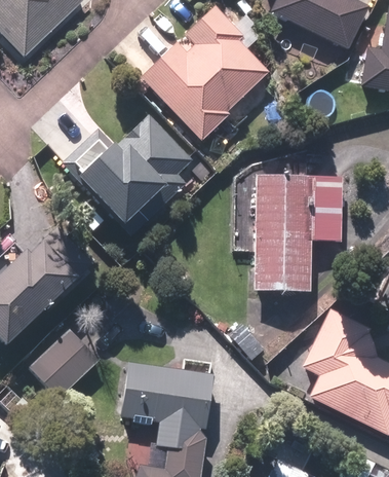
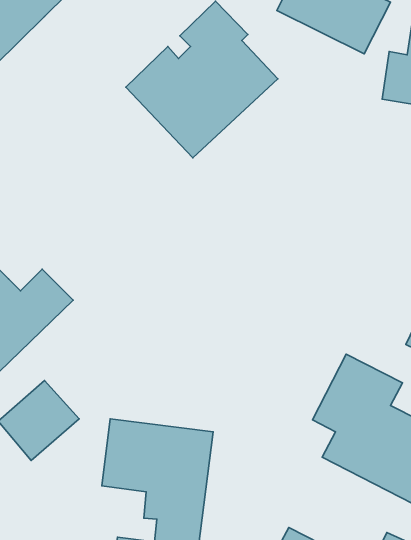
building: [75,109,209,244] -> none
building: [248,175,346,318] -> none

